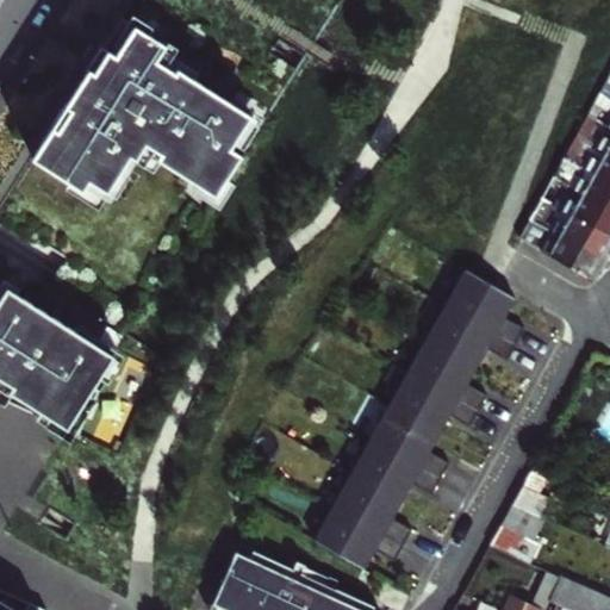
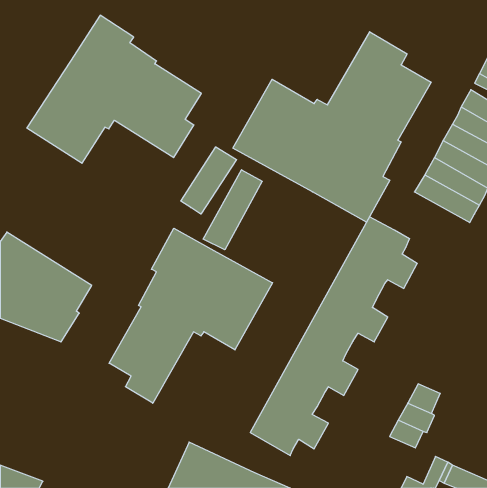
building: none -> [233,32,431,222]
building: none -> [181,147,237,214]
building: none -> [203,170,262,250]
building: none -> [109,228,273,403]

